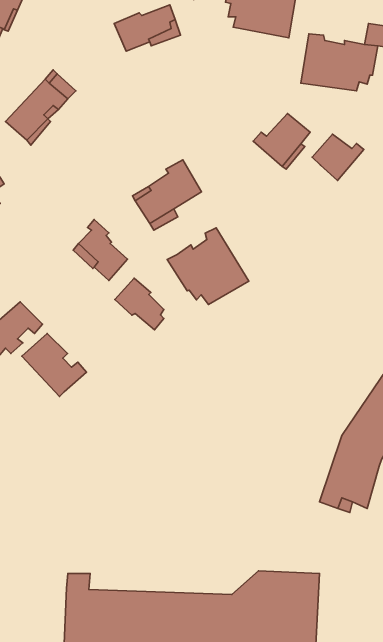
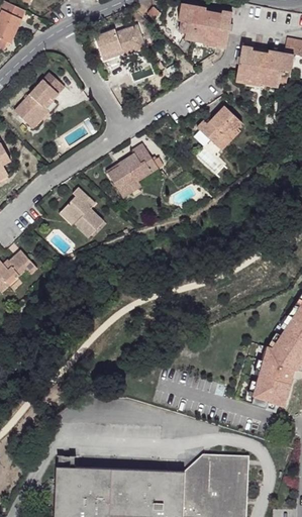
building: [312,134,364,180] -> none
building: [167,228,249,305] -> none
building: [115,278,164,330] -> none
building: [22,333,87,397] -> none

